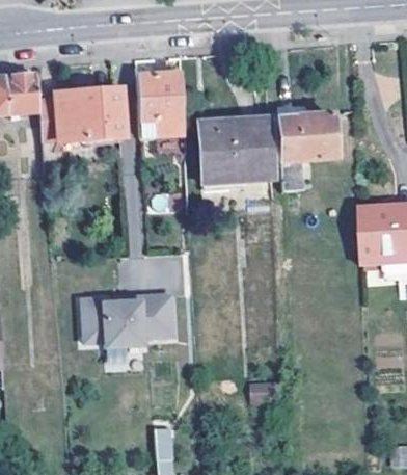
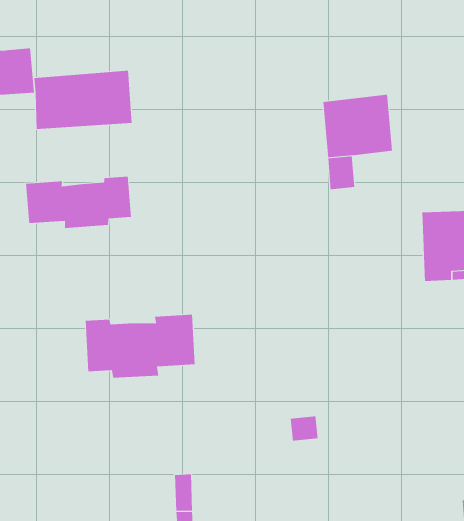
building: [137,71,184,135] -> none
building: [197,123,270,181] -> none
building: none -> [25,176,132,229]

